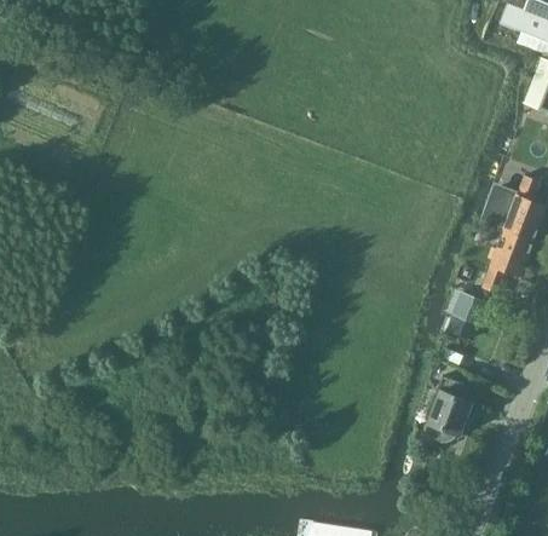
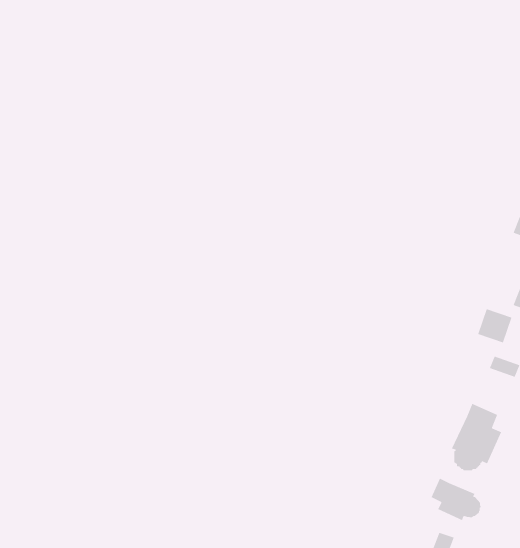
building: none -> [431,478,481,521]

